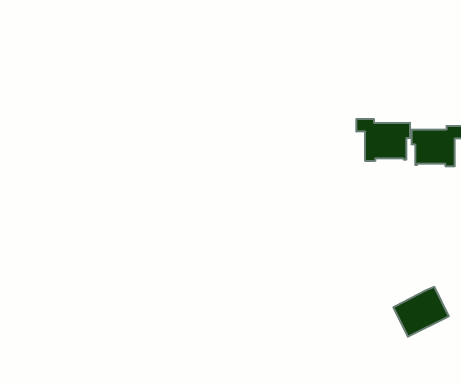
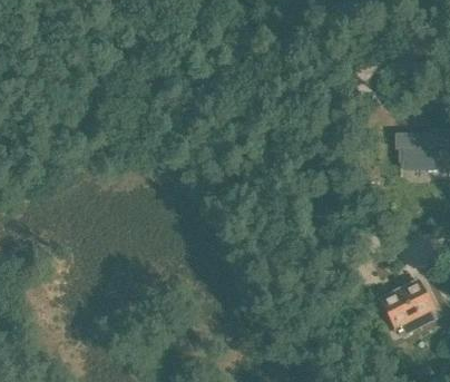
building: [356,119,410,161] -> none

